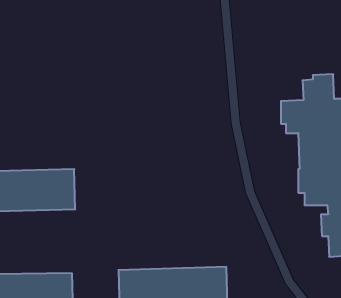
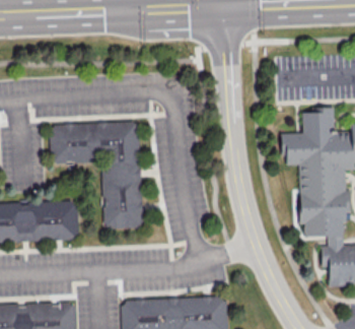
building: none -> [50,122,142,228]

